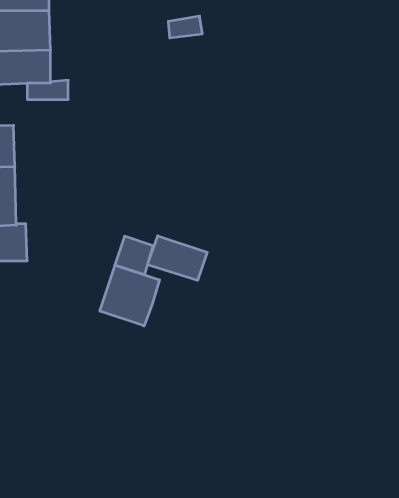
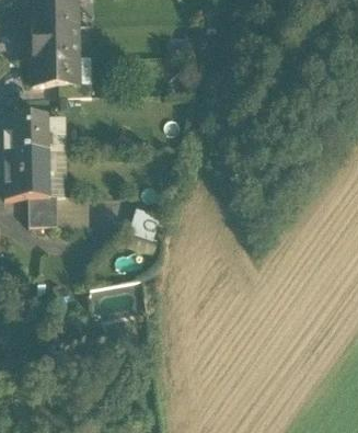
building: [148,236,207,280] -> none
building: [100,265,160,326] -> none

